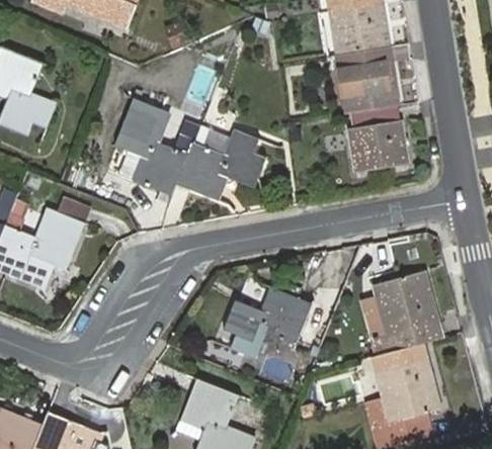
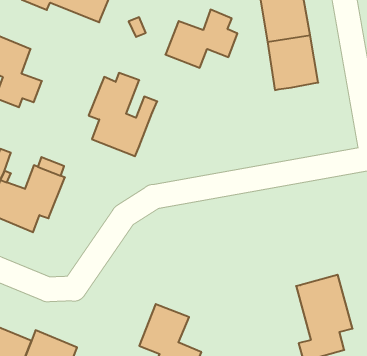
building: [347,105,408,173] -> none
building: [176,128,265,200] -> [165,10,237,68]
building: [372,270,441,356] -> none
building: [223,288,313,357] -> none

